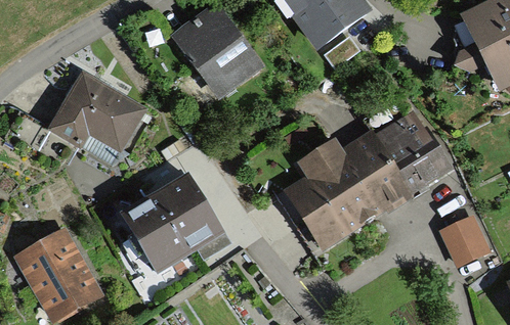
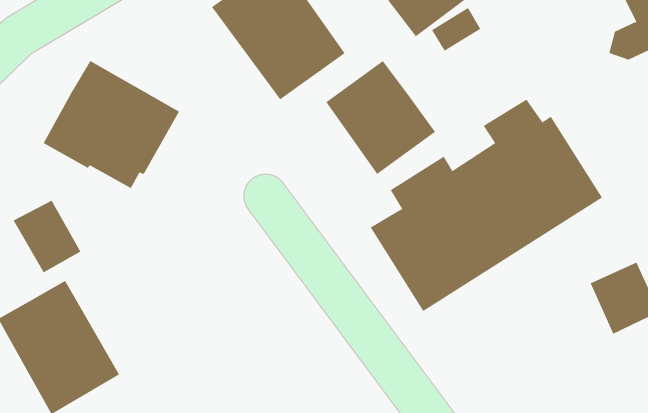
building: none -> [326,60,436,175]
building: none -> [13,200,81,273]
building: [121,172,232,275] -> none

